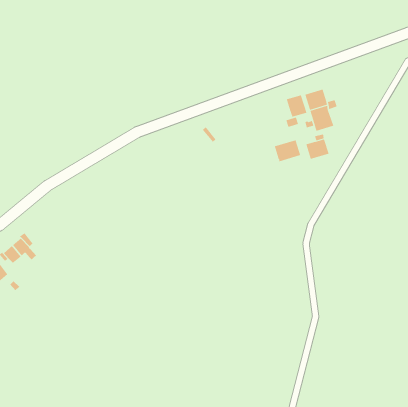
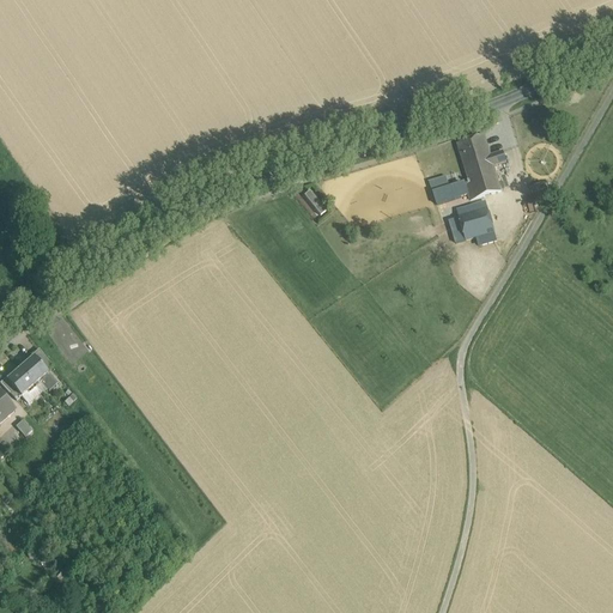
building: [286,94,307,118] -> none
building: [274,139,301,162] -> none

